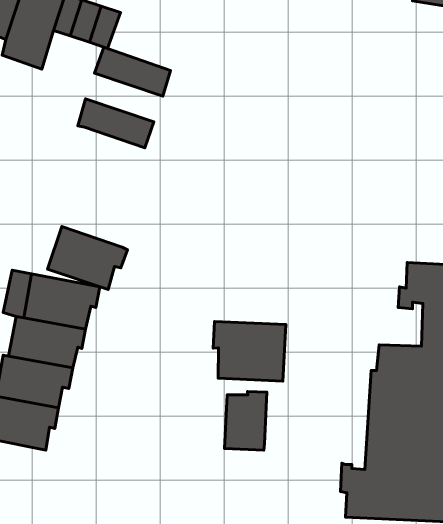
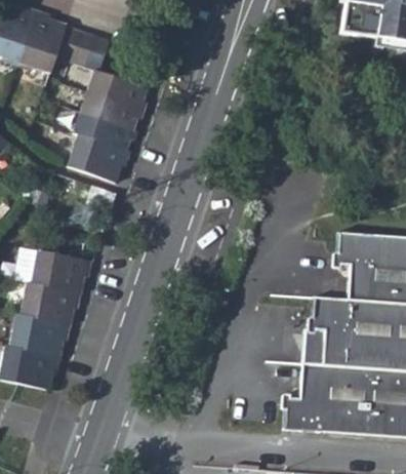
building: none -> [81,86,143,125]
building: [48,227,127,290] -> [69,129,132,180]
building: [213,321,286,381] -> none
building: [224,392,267,450] -> none

